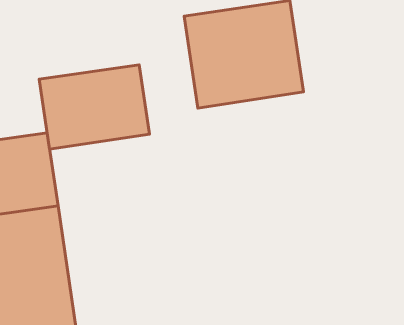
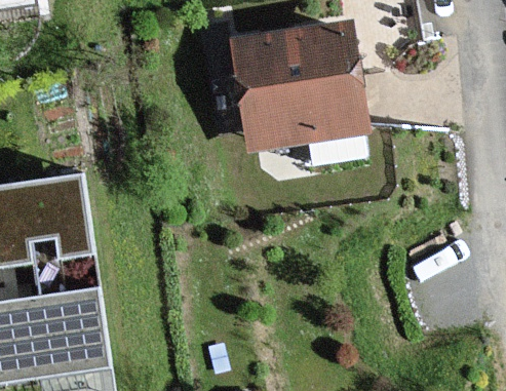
building: [39,65,149,149] -> none

